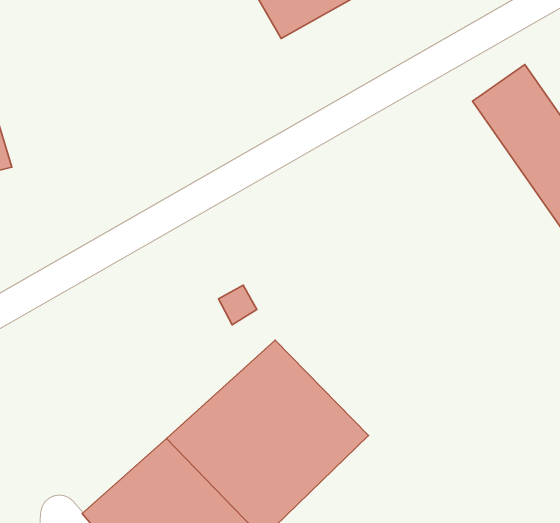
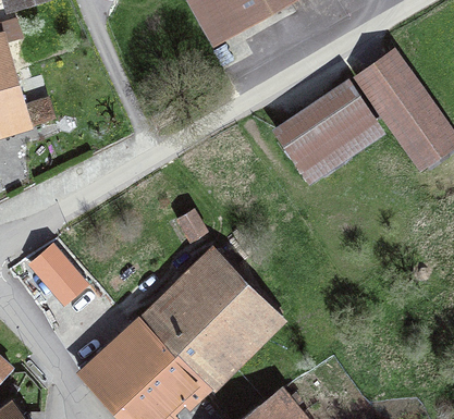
building: none -> [277,83,378,178]
building: none -> [33,249,84,303]

